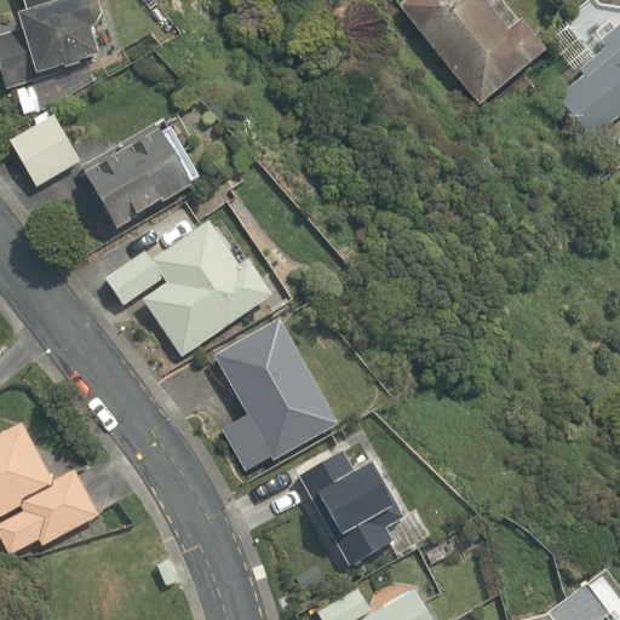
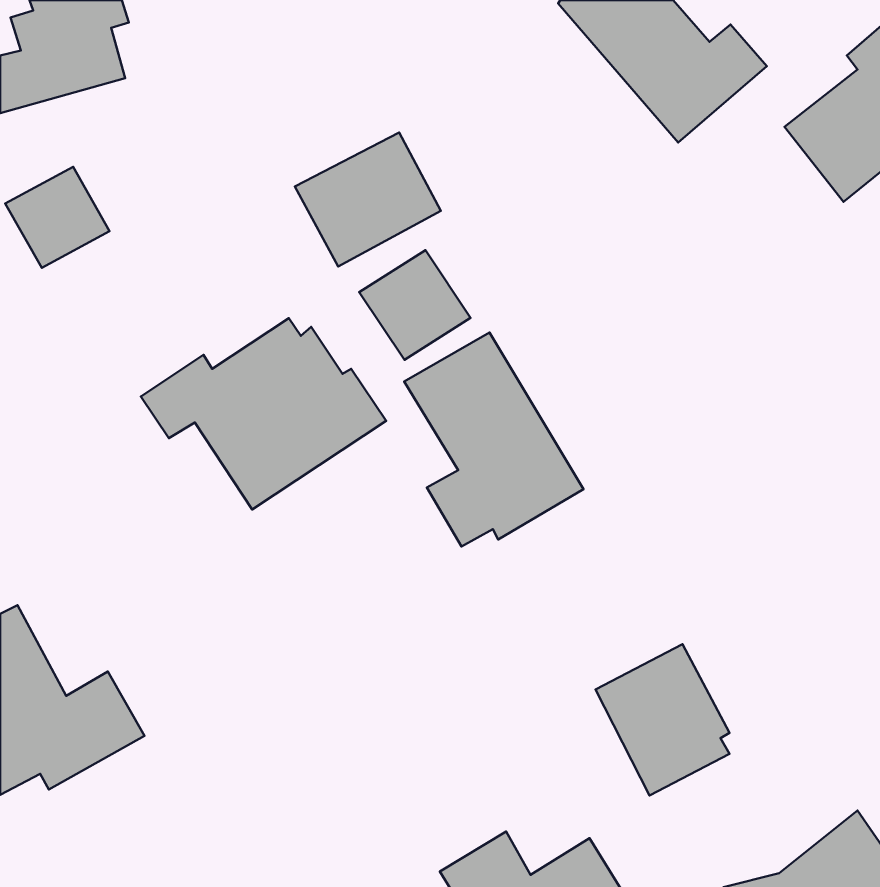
building: [97,122,199,216] -> [295,133,441,266]
building: none -> [359,250,471,360]
building: [209,320,334,469] -> [404,333,583,547]
building: [315,460,408,566] -> [595,644,729,796]

